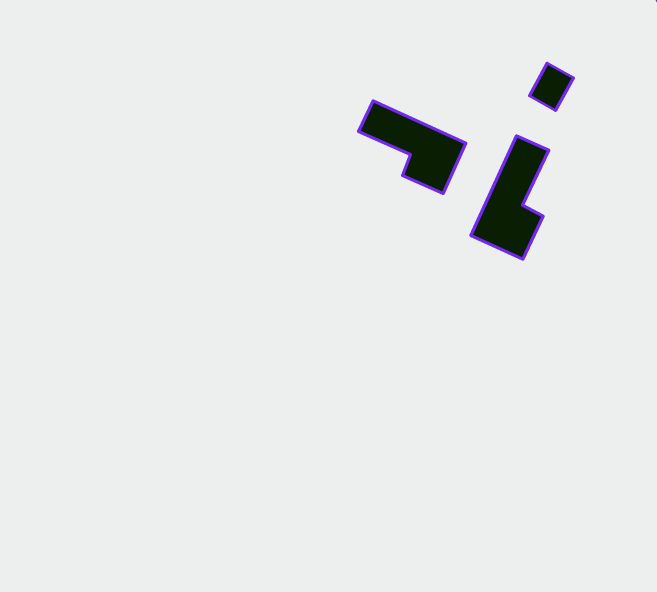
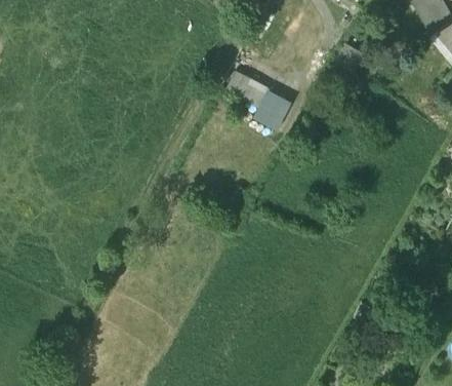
building: [471,136,549,259] -> none

